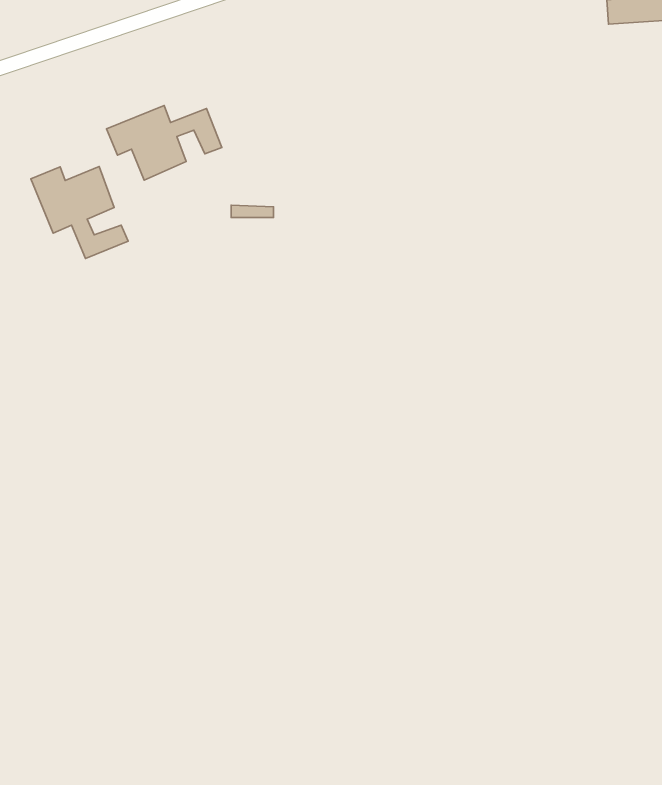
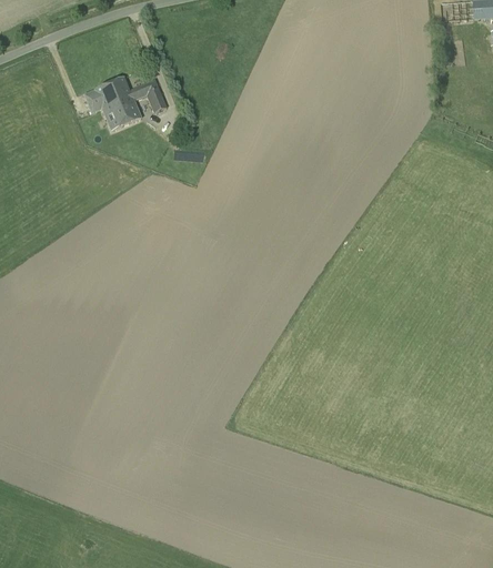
building: [31,167,128,259] -> none

